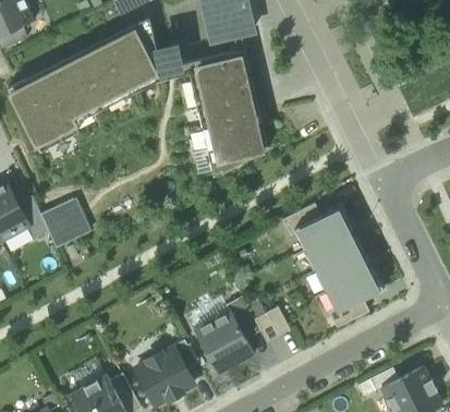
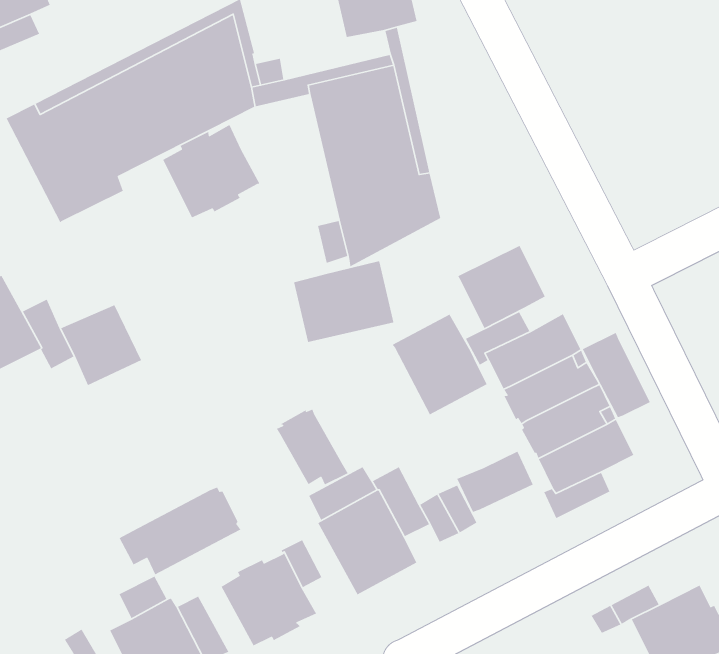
building: none -> [162,124,261,219]
building: none -> [457,245,546,329]
building: none -> [293,261,395,343]
building: none -> [392,314,488,416]
building: none -> [582,332,651,418]
building: none -> [276,409,349,486]
building: none -> [456,450,534,513]
building: none -> [119,487,242,576]

